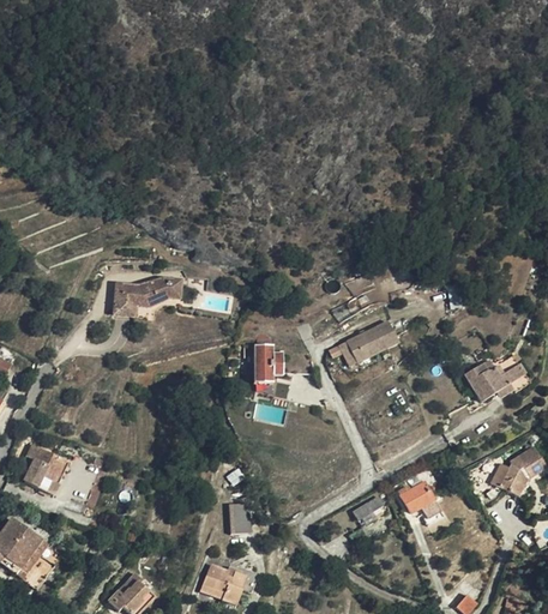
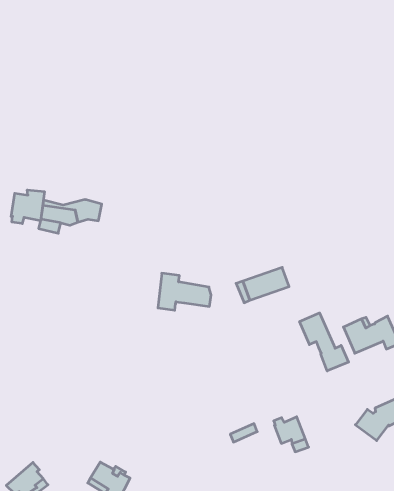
building: none -> [11,190,44,224]
building: none -> [300,313,349,371]
building: [229,502,251,535] -> none

